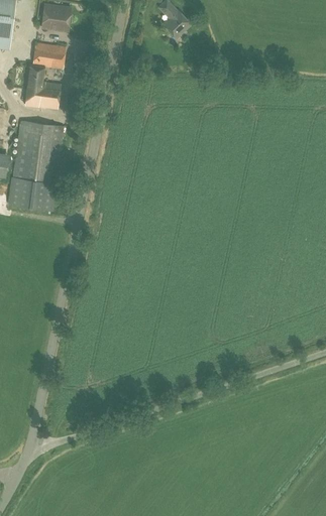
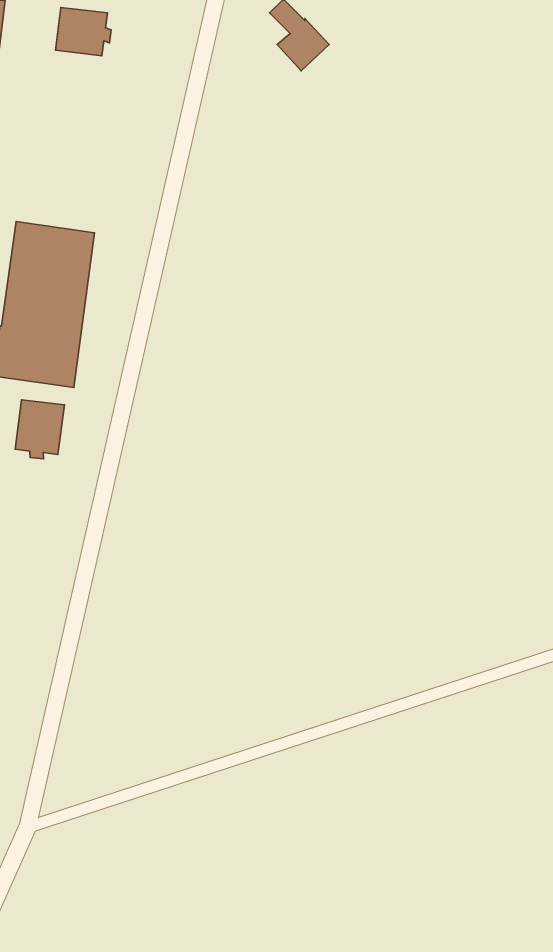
building: [24,42,65,109] -> none
building: none -> [15,400,65,459]

